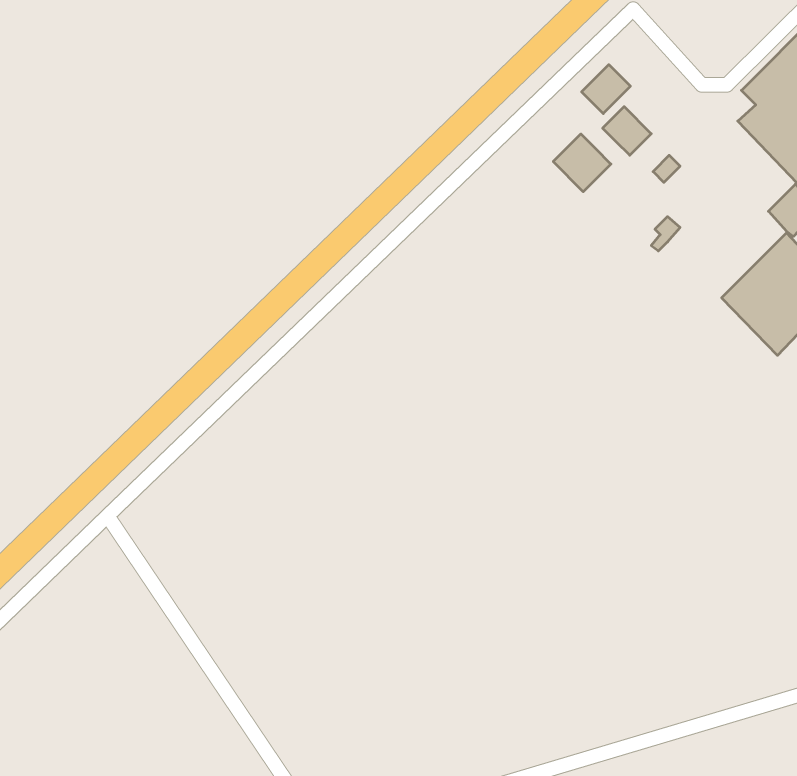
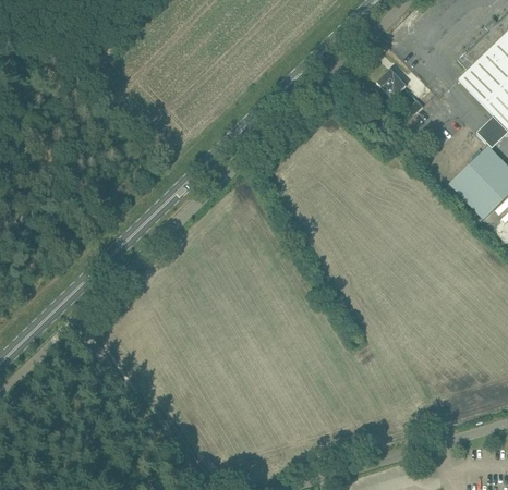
building: [582,65,630,114] -> none
building: [553,134,611,192] -> none

